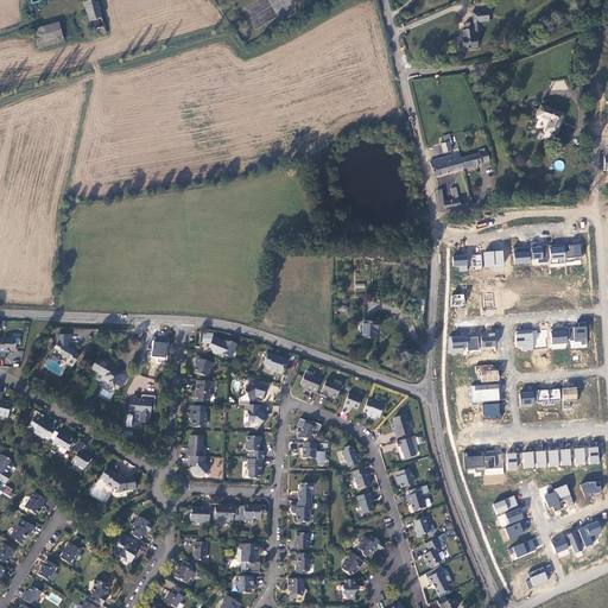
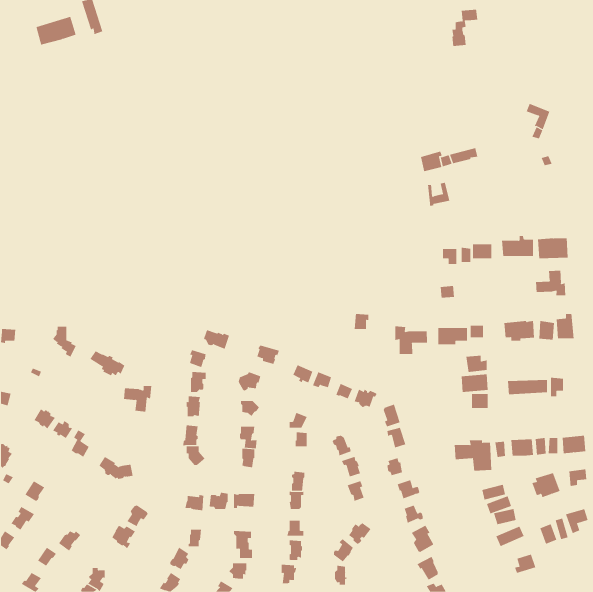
building: none -> [536,270,566,296]
building: none -> [395,326,427,355]

